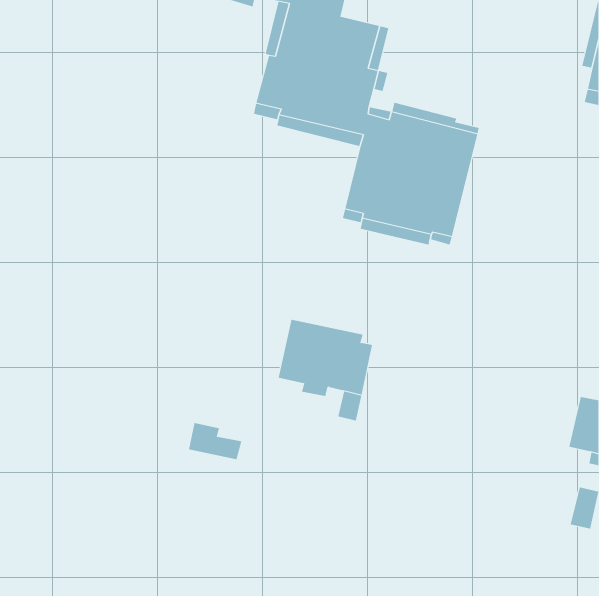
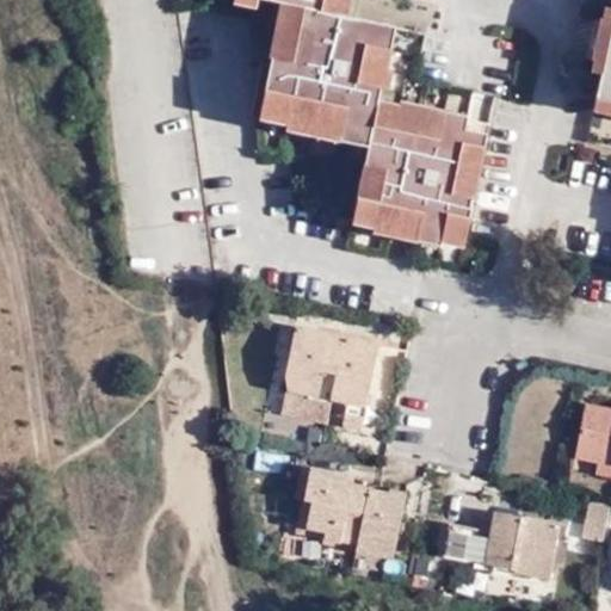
building: [188,422,242,460] -> [277,384,332,422]
building: none -> [302,469,407,557]
building: none -> [439,512,556,578]

